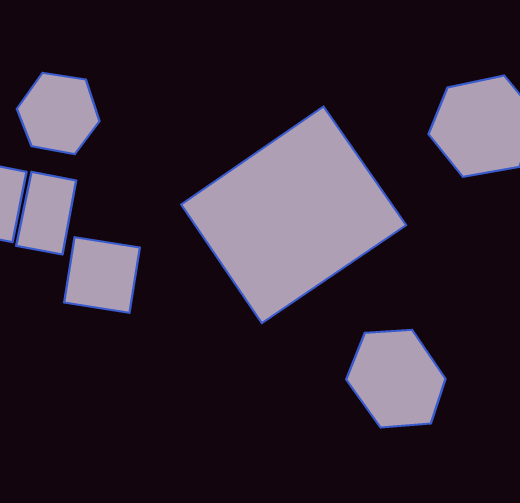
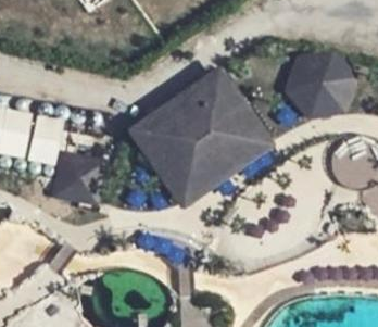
building: [17,73,100,154] -> none
building: [346,330,445,427] -> none

